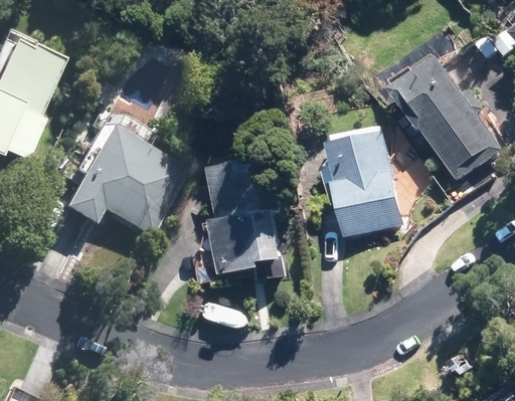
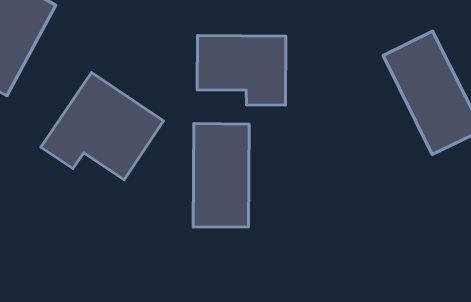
building: none -> [197,35,286,105]
building: [326,128,402,237] -> none

